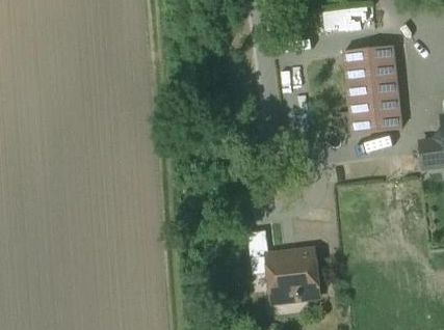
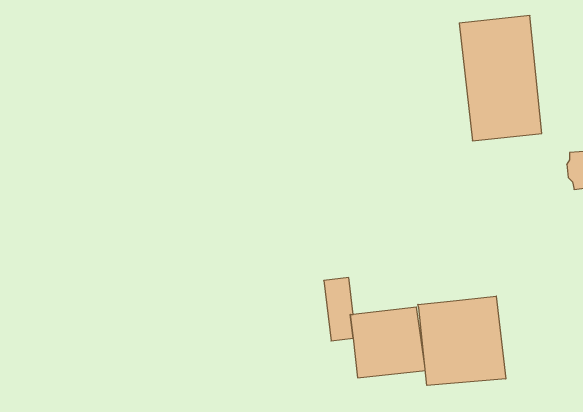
building: none -> [418,296,506,385]

